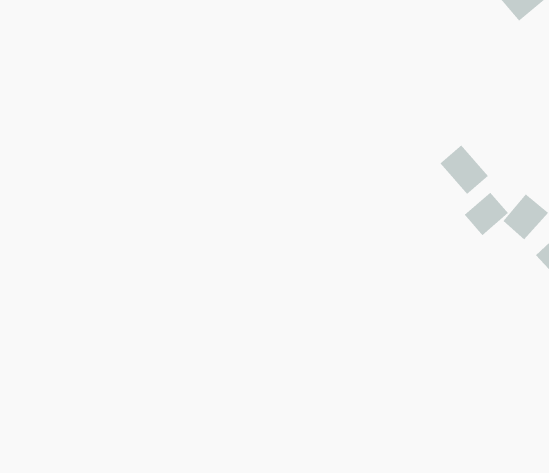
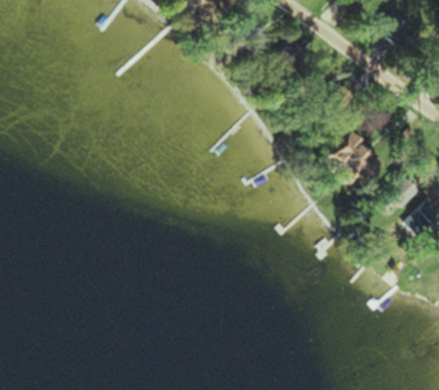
building: [464,192,509,236] -> none

